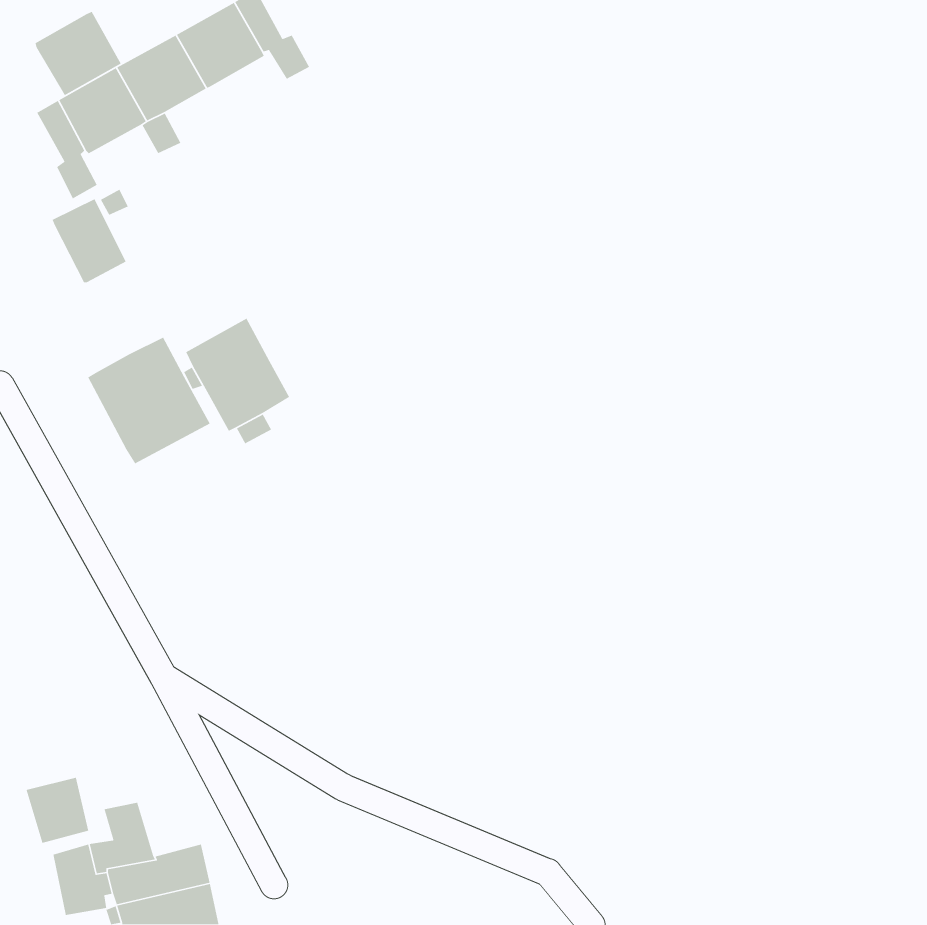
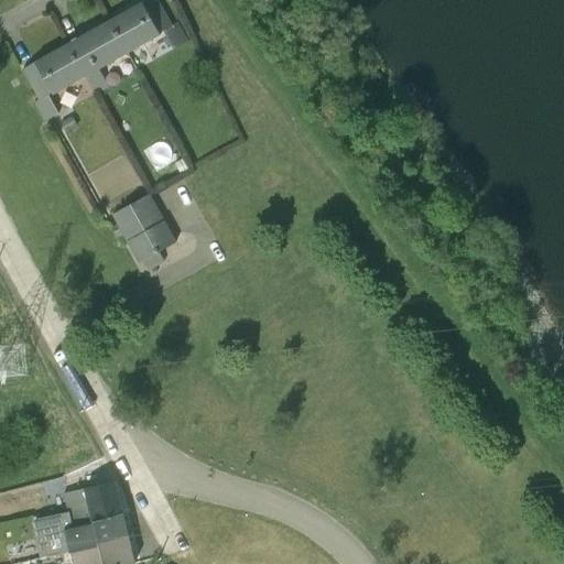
building: [35,11,122,96] -> none
building: [52,198,127,283] -> none
building: [87,337,211,465] -> none
building: [26,777,89,844] -> [84,479,122,520]

